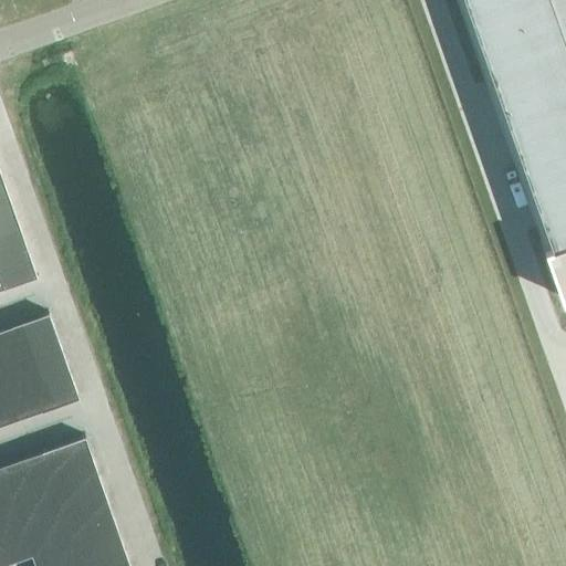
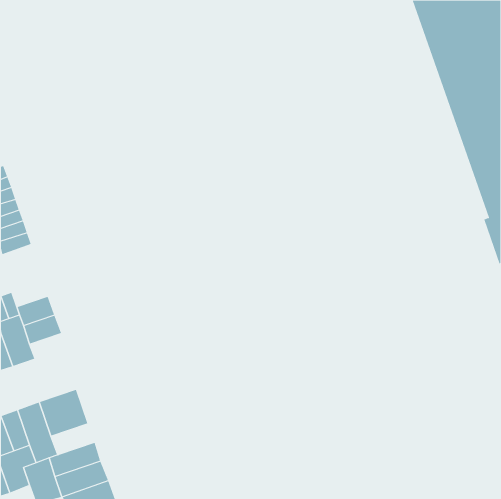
building: [11,315,54,348] -> none
building: [33,378,76,411] -> none
building: [57,480,107,515] -> none

